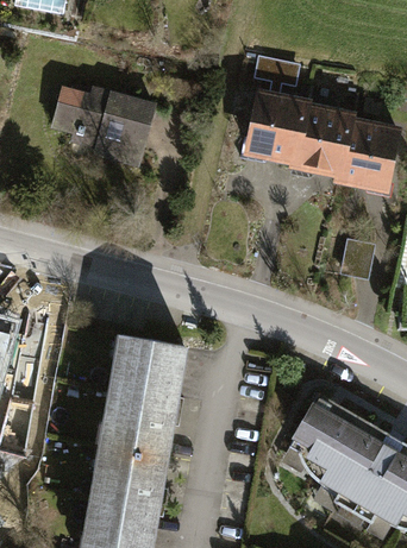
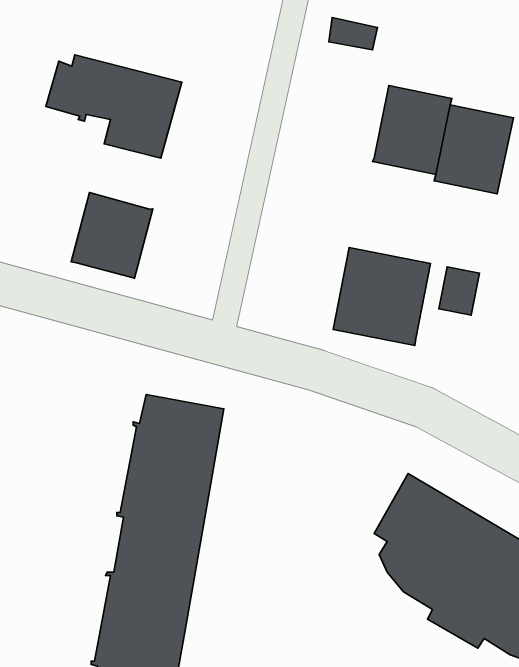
building: [248,95,307,162] -> none
building: none -> [71,193,153,278]
building: none -> [333,247,430,346]

